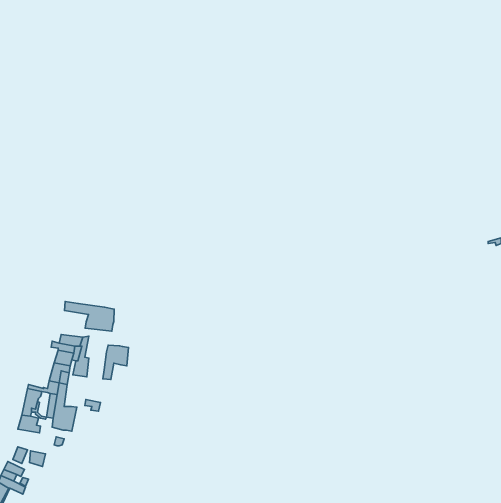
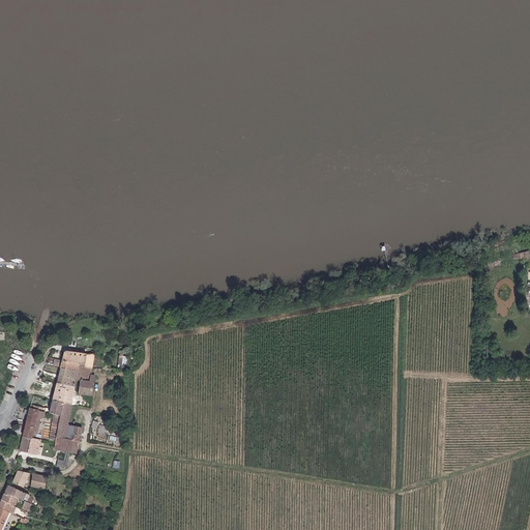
building: [64,302,114,331] -> none
building: [103,345,128,379] -> none

